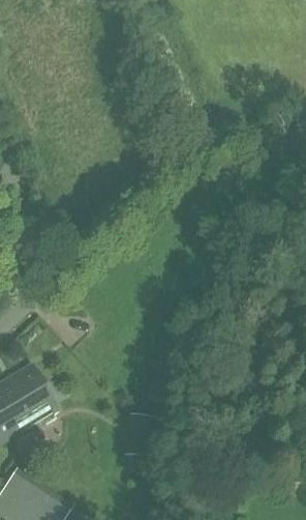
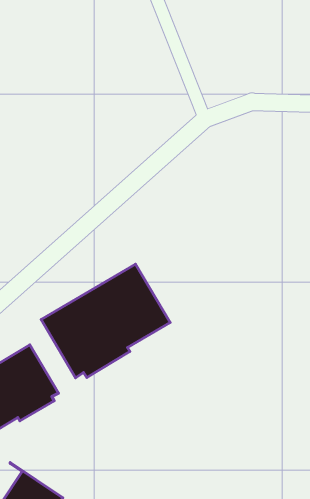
building: none -> [41,264,170,378]

